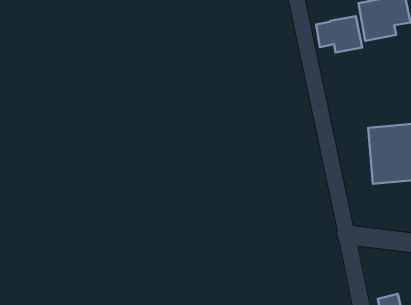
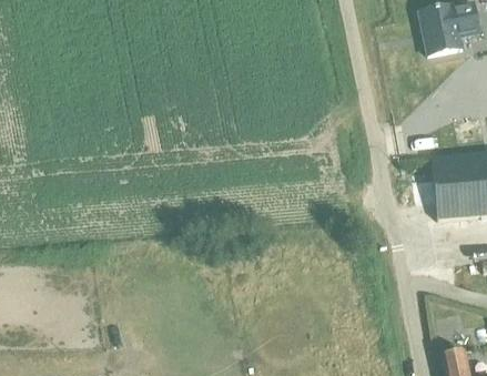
building: [316,16,362,52] -> none

